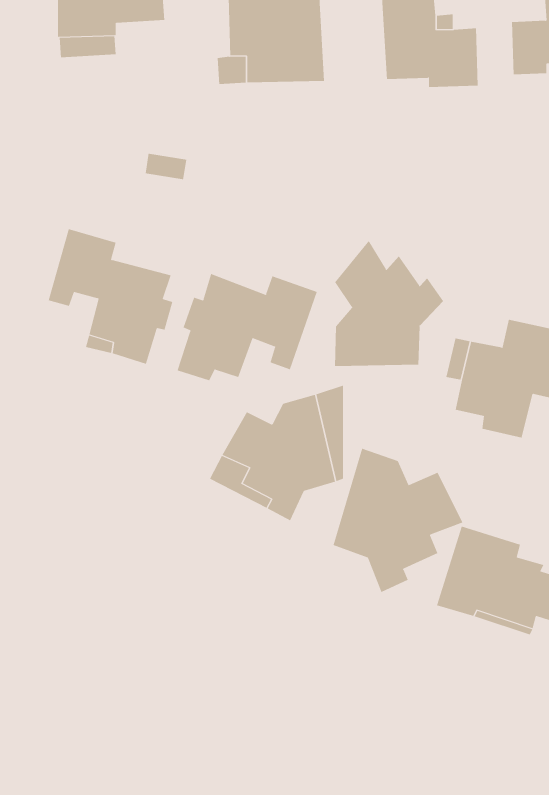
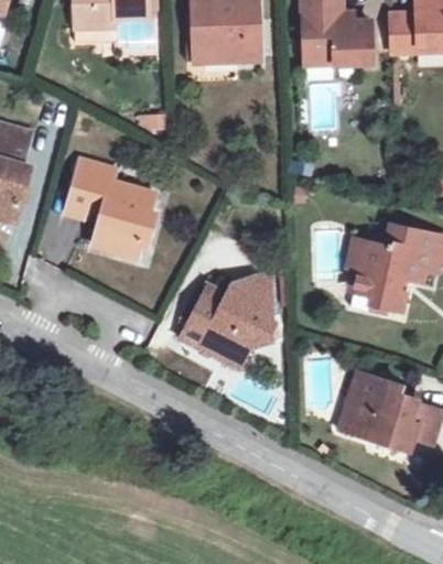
building: [335,240,444,367] -> none
building: [177,273,318,381] -> none
building: [333,448,463,593] -> none

